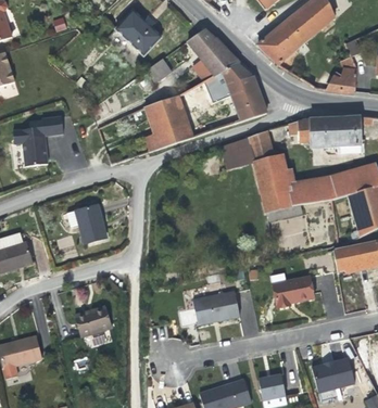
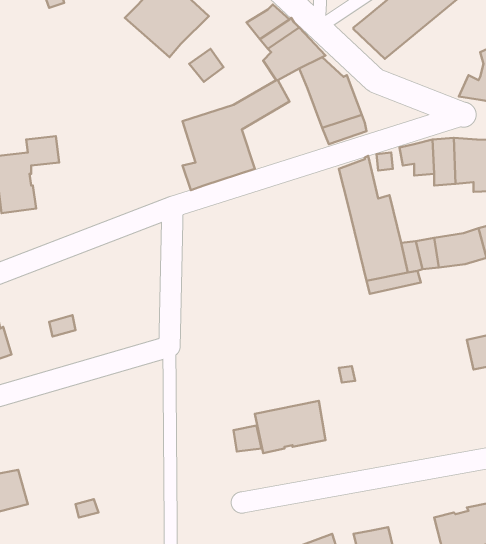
building: [221,137,254,169] -> none
building: [76,203,106,243] -> none
building: [272,276,314,307] -> none
building: [75,305,111,336] -> none

